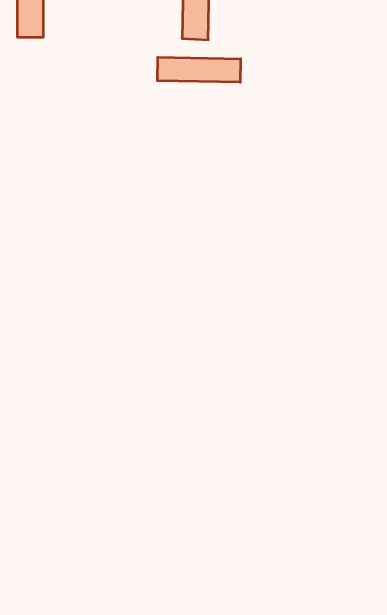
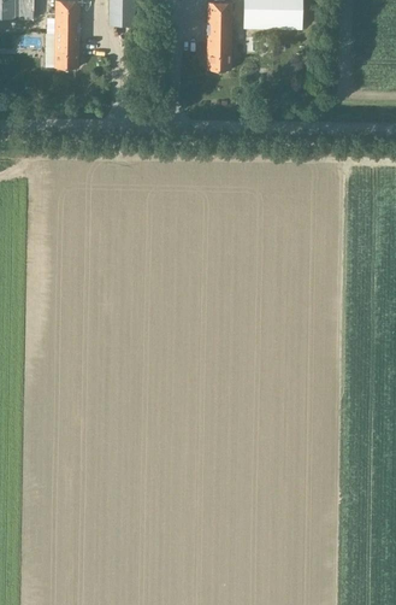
building: [157,57,241,82] -> none

